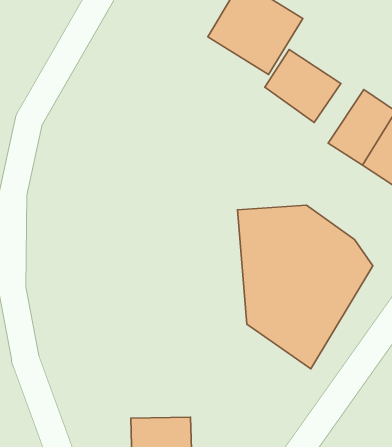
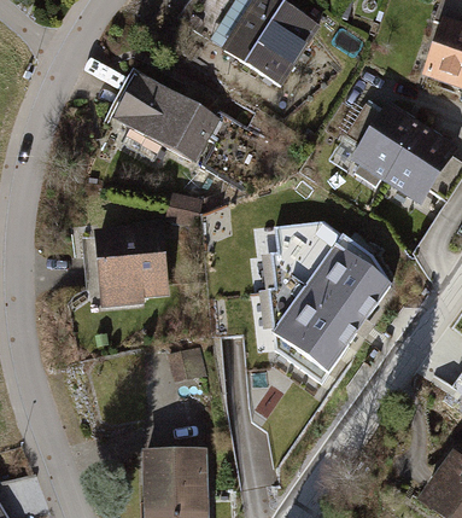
building: [265,49,341,122] -> none
building: none -> [107,69,216,159]
building: none -> [93,221,168,303]

